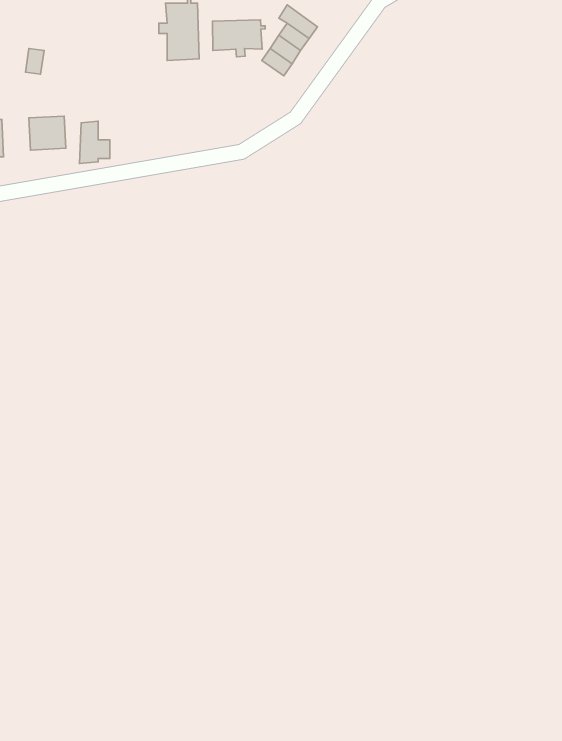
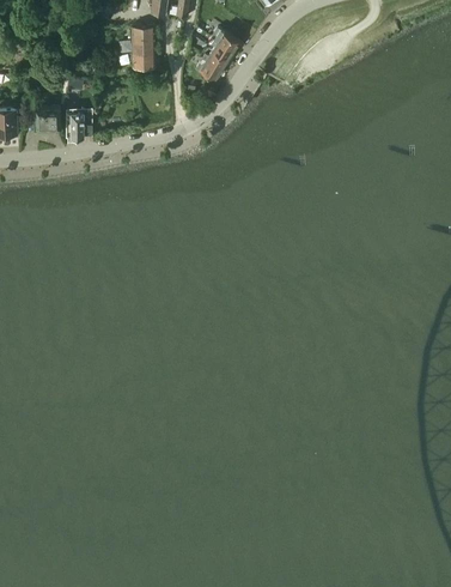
building: [212,20,265,57] -> none

